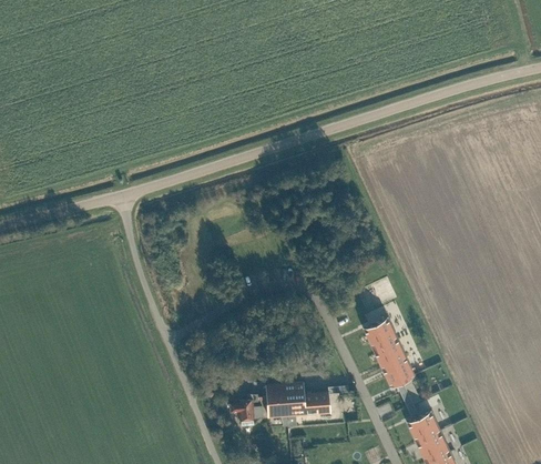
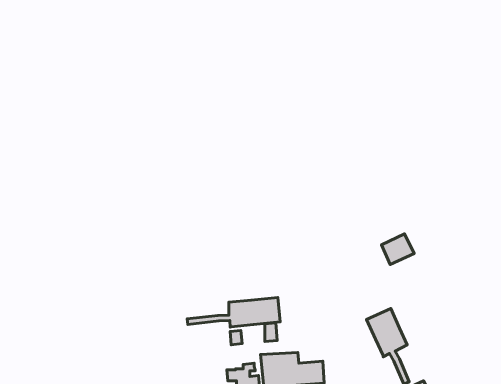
building: [365,320,398,351] -> [381,234,414,264]
building: none -> [187,297,280,327]

